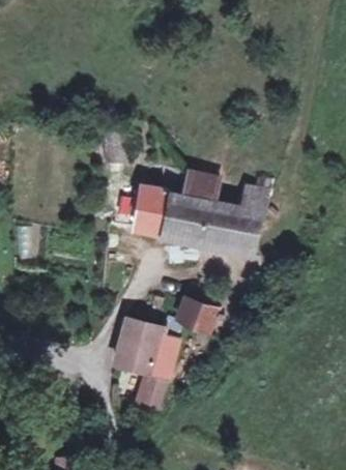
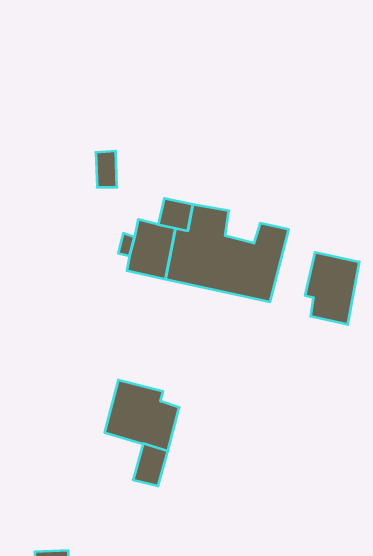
building: none -> [305,252,359,325]
building: [175,293,221,337] -> none

